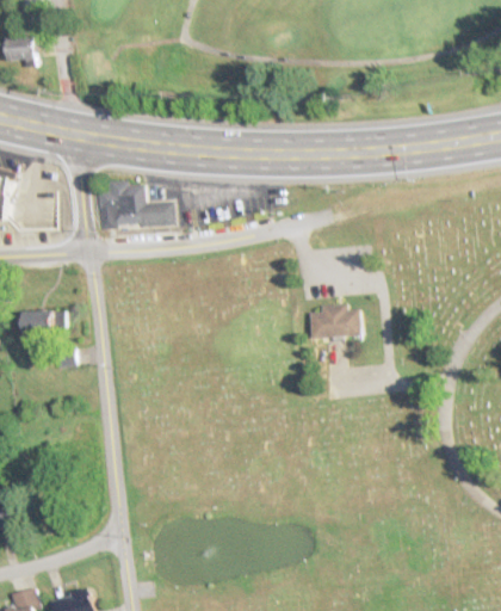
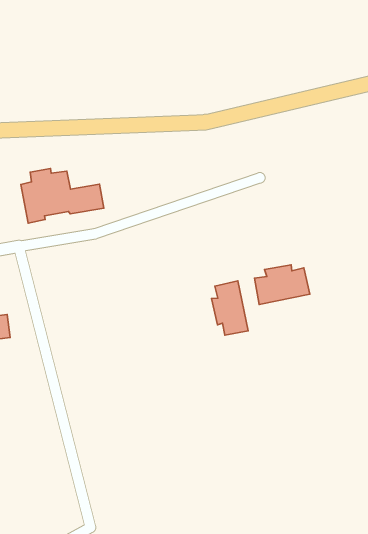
building: none -> [211,281,248,335]

